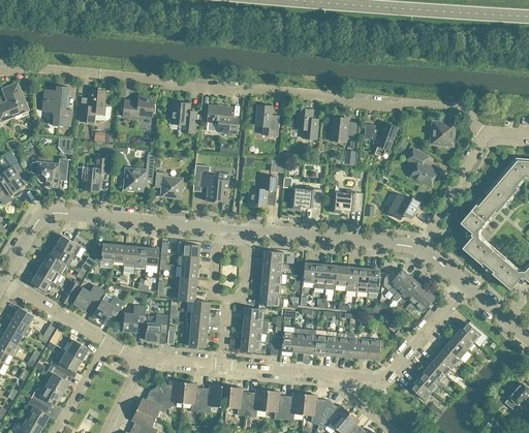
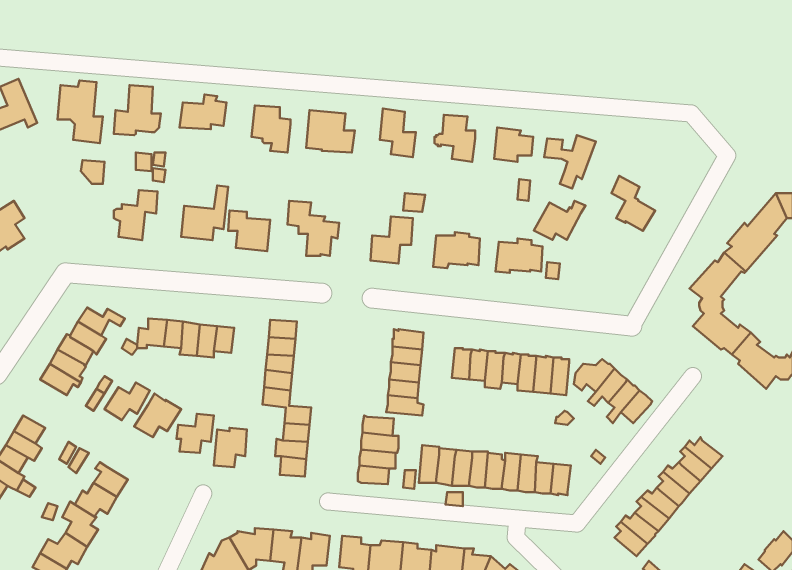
building: [432,122,455,145] -> none
building: [31,158,68,187] -> none
building: [388,193,423,219] -> [534,201,586,240]

